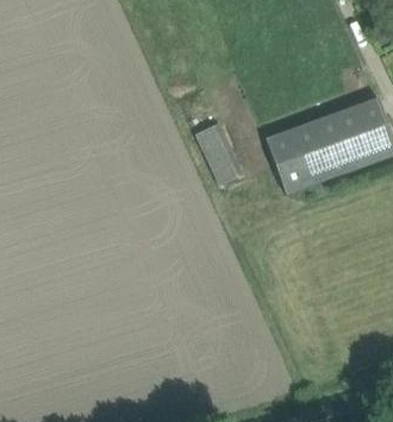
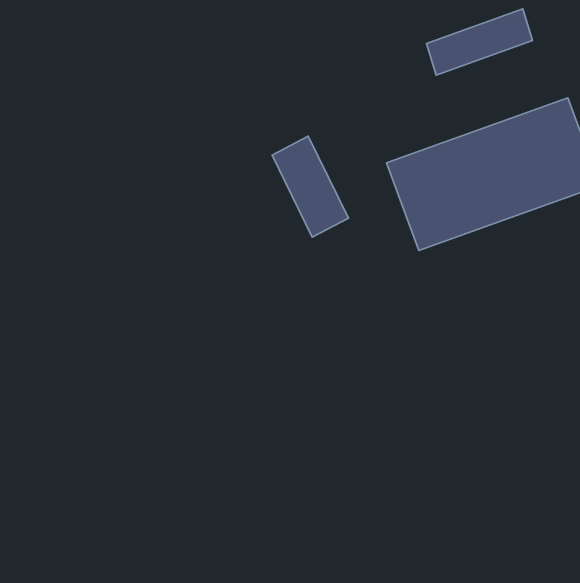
building: none -> [426,9,533,75]

